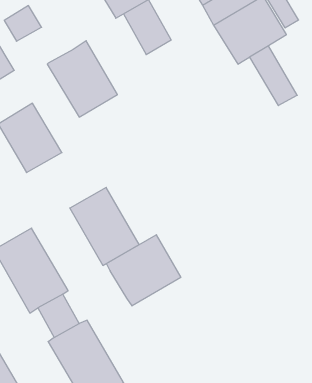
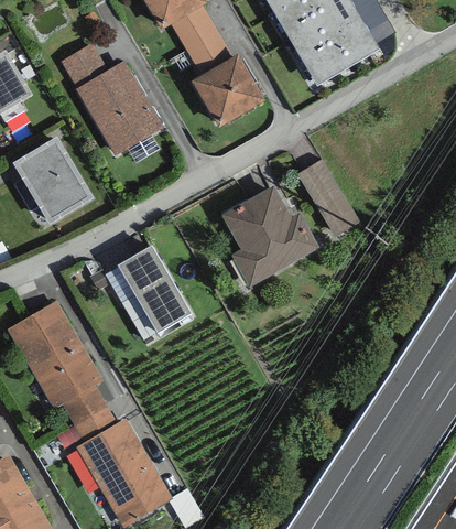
building: [4,6,42,41] -> [59,42,107,87]
building: none -> [191,55,264,129]
building: [250,46,297,106] -> [296,159,357,235]
building: none -> [220,185,318,287]
building: [107,235,181,306] -> none

